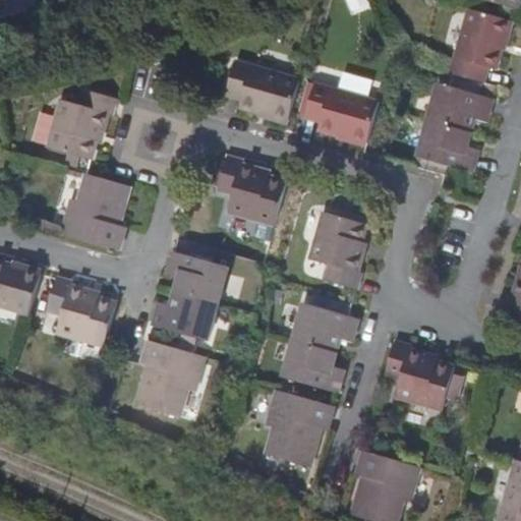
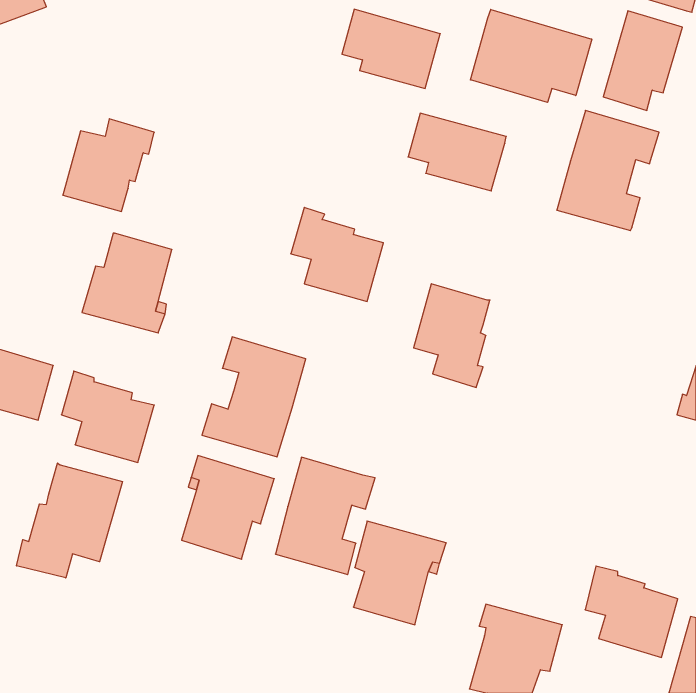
building: none -> [470,9,592,102]
building: [226,61,299,120] -> [342,9,440,88]
building: [283,303,357,391] -> [275,457,375,575]
building: [385,342,454,410] -> [585,566,678,657]
building: none -> [17,463,123,578]

